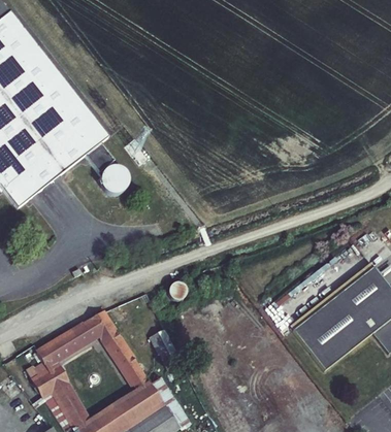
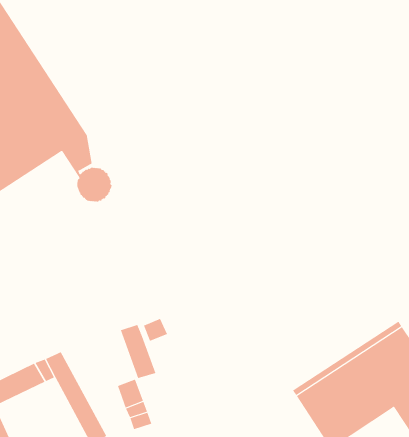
building: none -> [120,324,156,379]

